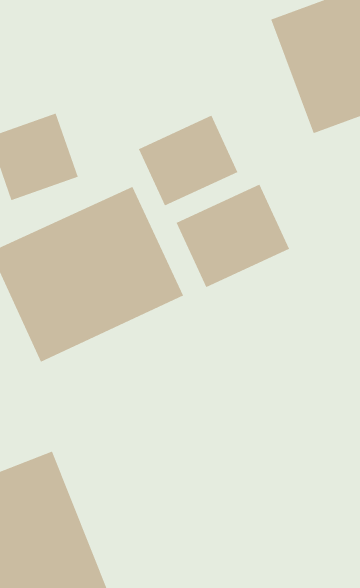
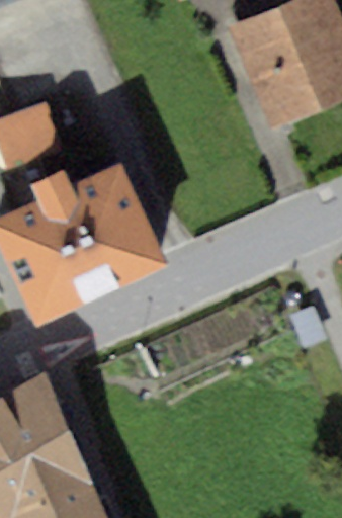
building: [138,115,238,207] -> none
building: [175,183,290,288] -> none

